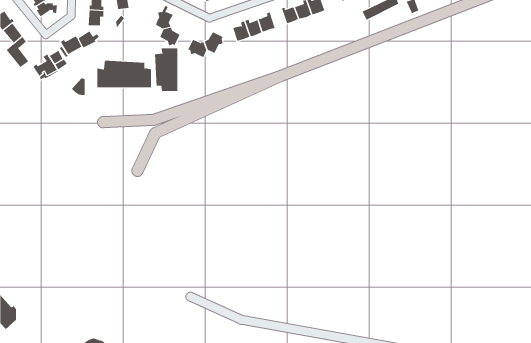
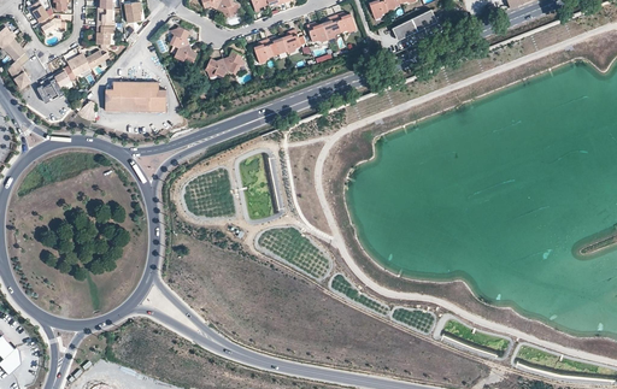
building: [154,48,178,92] -> none

